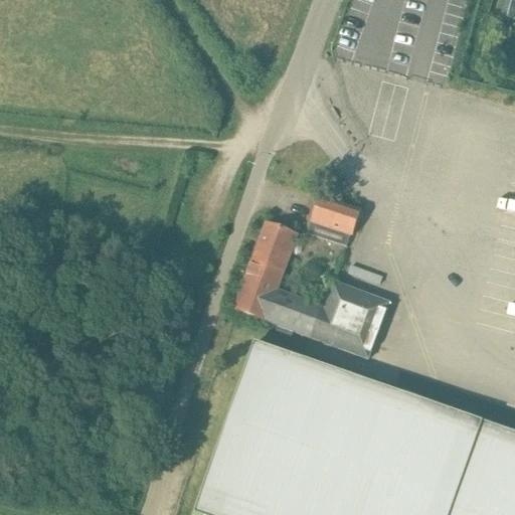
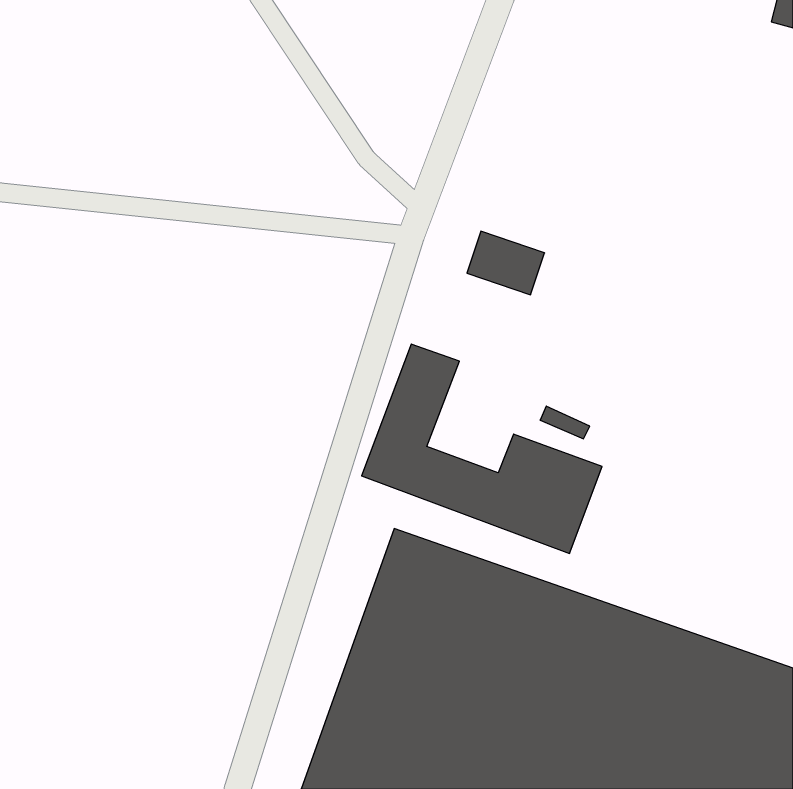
building: [311,195,361,236] -> [467,231,545,295]

